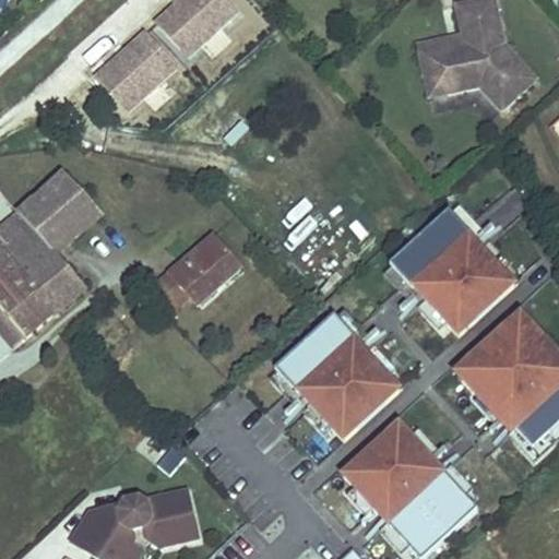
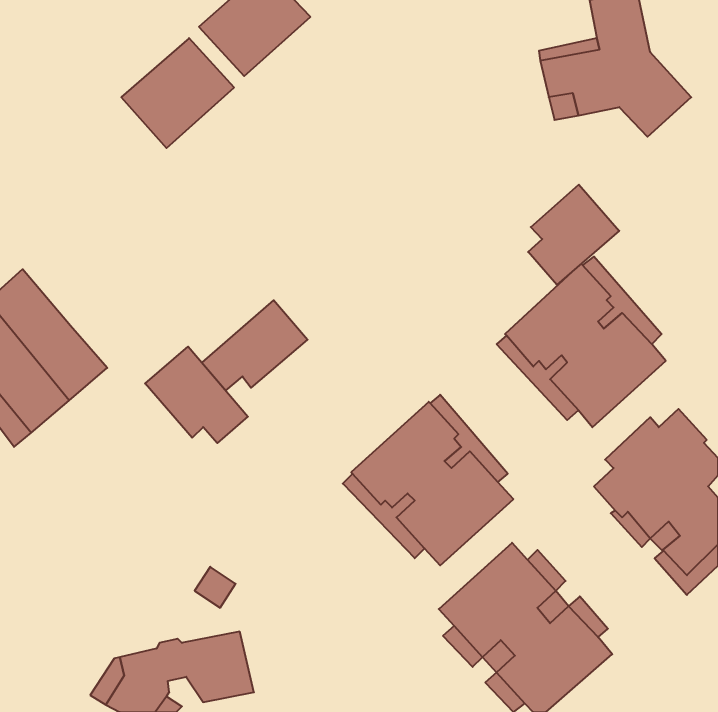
building: none -> [528,185,619,285]
building: [17,168,99,252] -> none
building: none -> [145,347,248,443]

